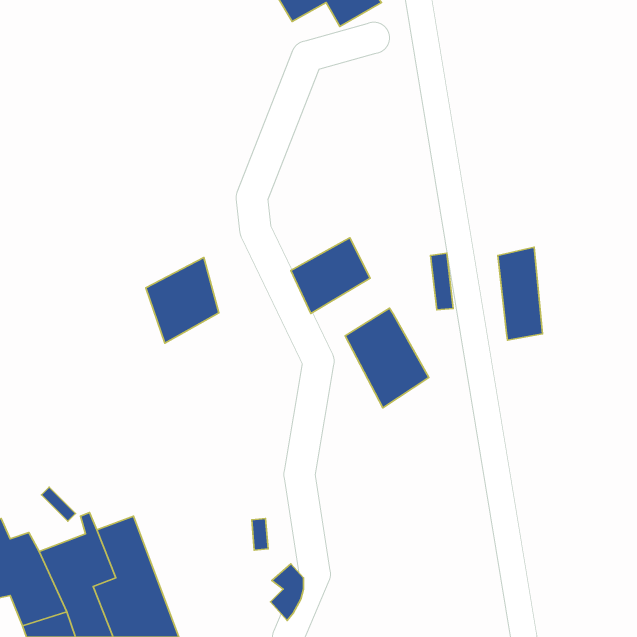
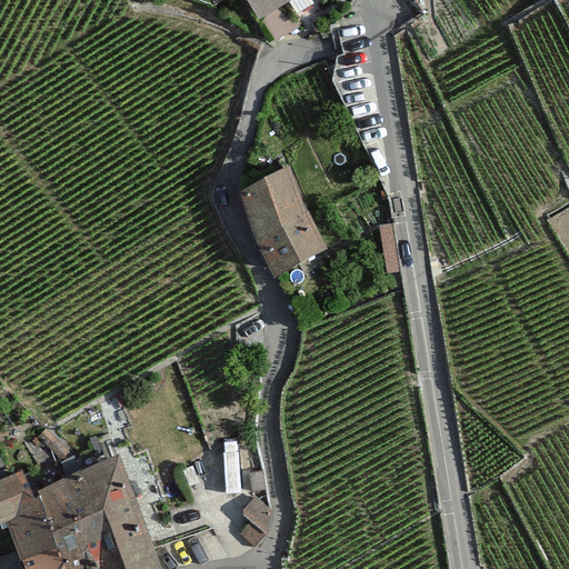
building: [498,247,543,340] -> none
building: [146,257,219,343] -> [240,163,305,239]
building: [345,308,429,408] -> none

